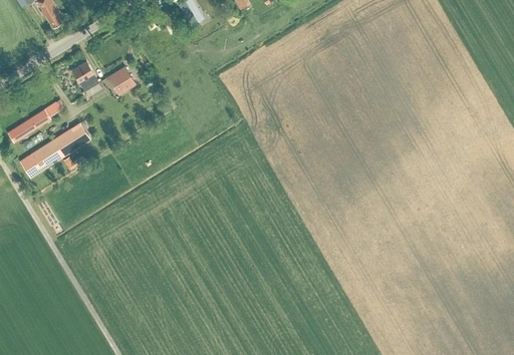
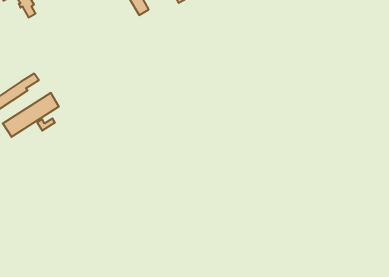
building: [71,61,98,90] -> none
building: [106,66,134,92] -> none

